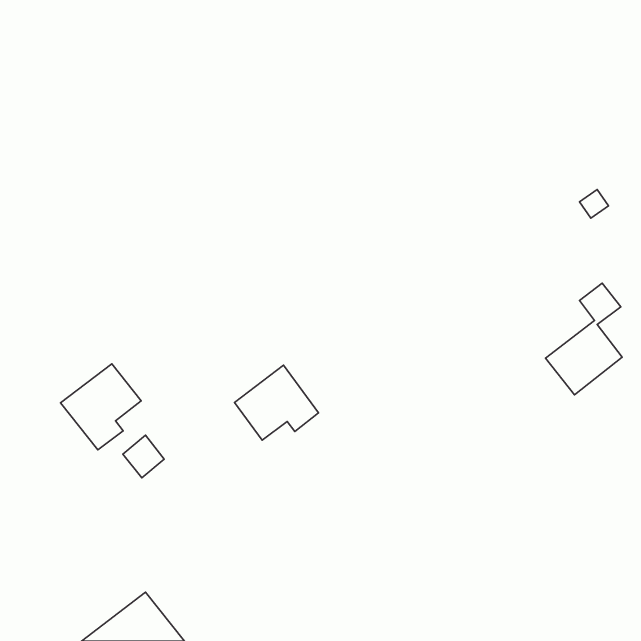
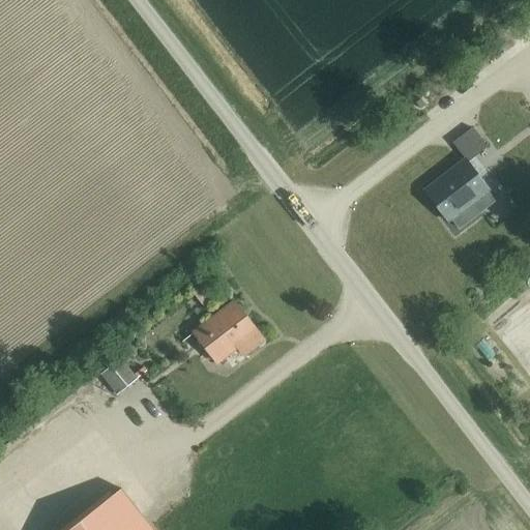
building: [546,283,622,395] -> [424,128,488,220]
building: [61,364,141,450] -> none

